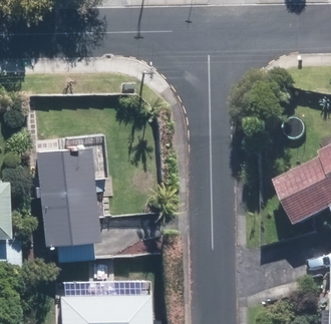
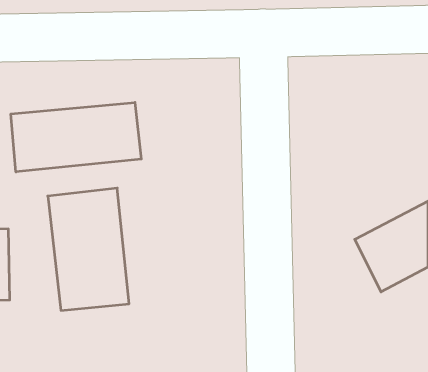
building: none -> [11,102,141,172]

